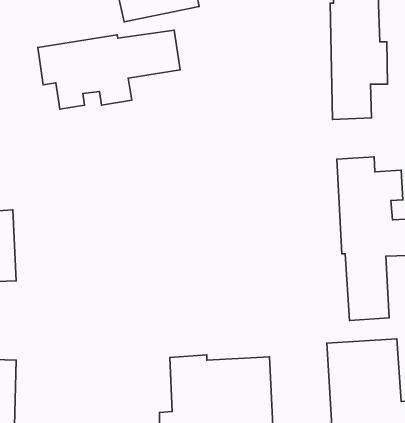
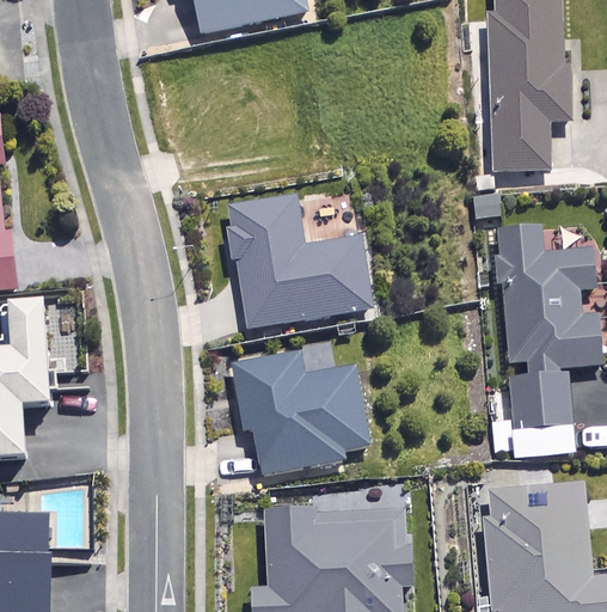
building: [38,30,180,109] -> none
building: none -> [227,200,368,329]
building: none -> [233,355,366,472]

